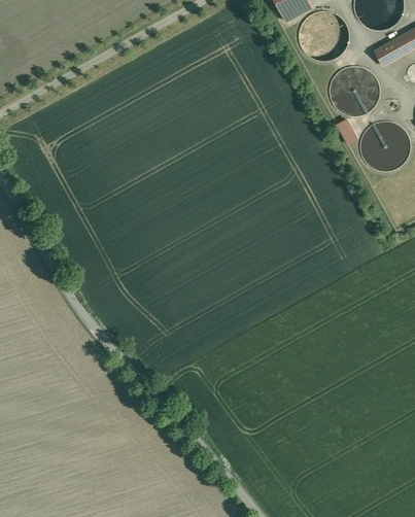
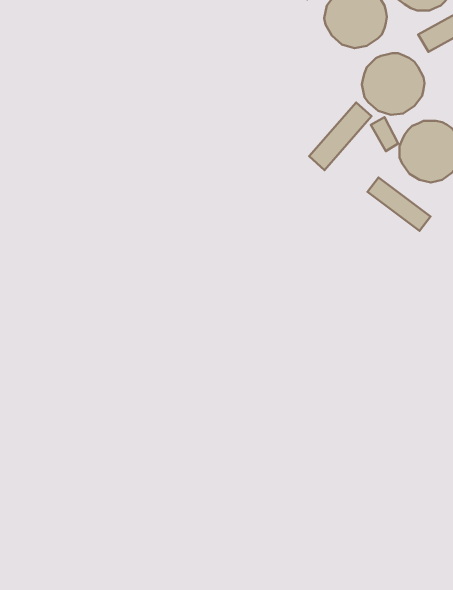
building: none -> [309,103,371,170]
building: none -> [368,177,430,231]

